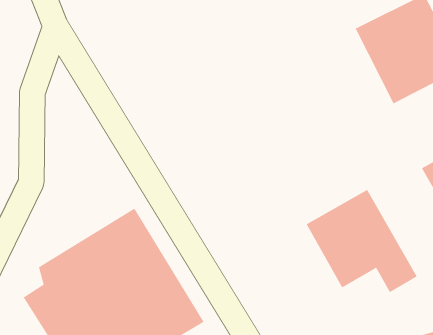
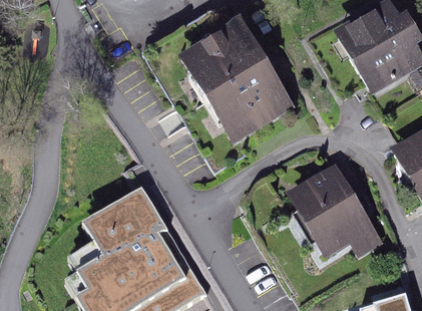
building: none -> [168,22,290,149]

